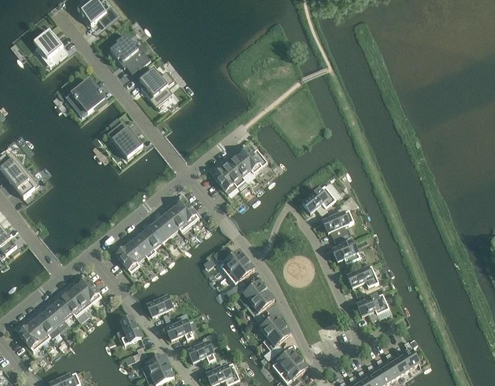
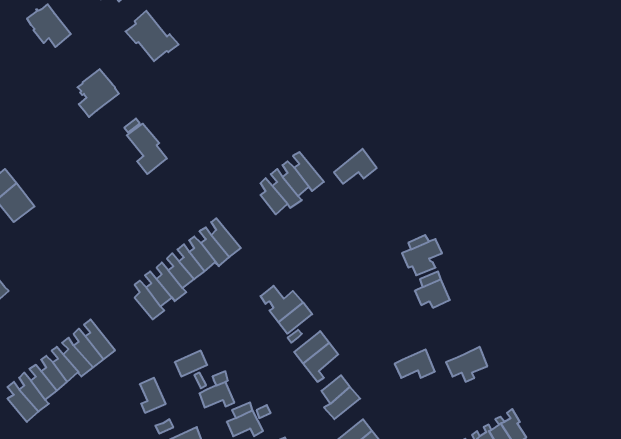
building: [137,68,171,106] -> none
building: [302,185,335,212] -> [334,149,377,184]
building: [347,265,378,287] -> [395,349,435,378]

